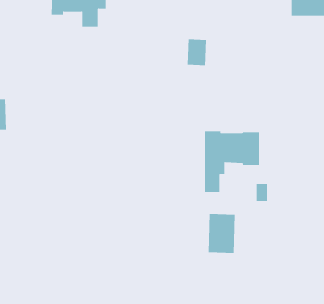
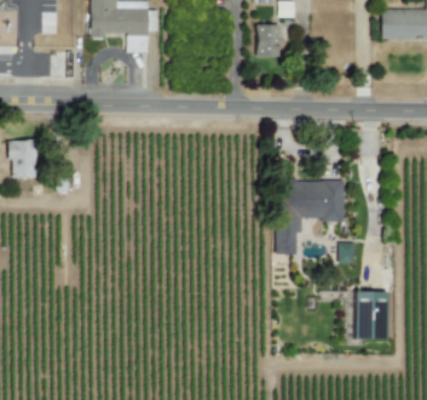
building: [187,39,207,66] -> [256,24,281,57]
building: [208,213,236,253] -> [354,291,388,339]

